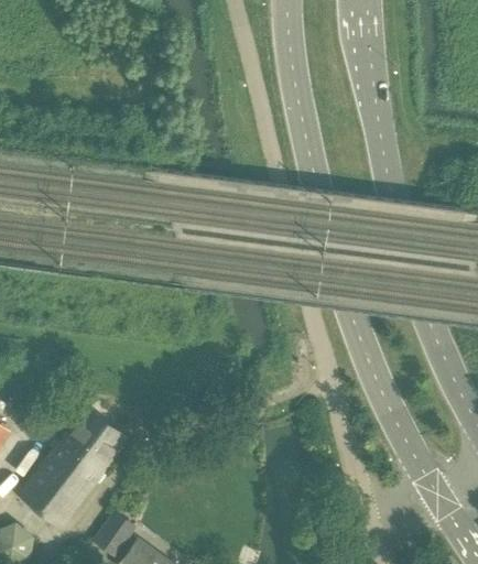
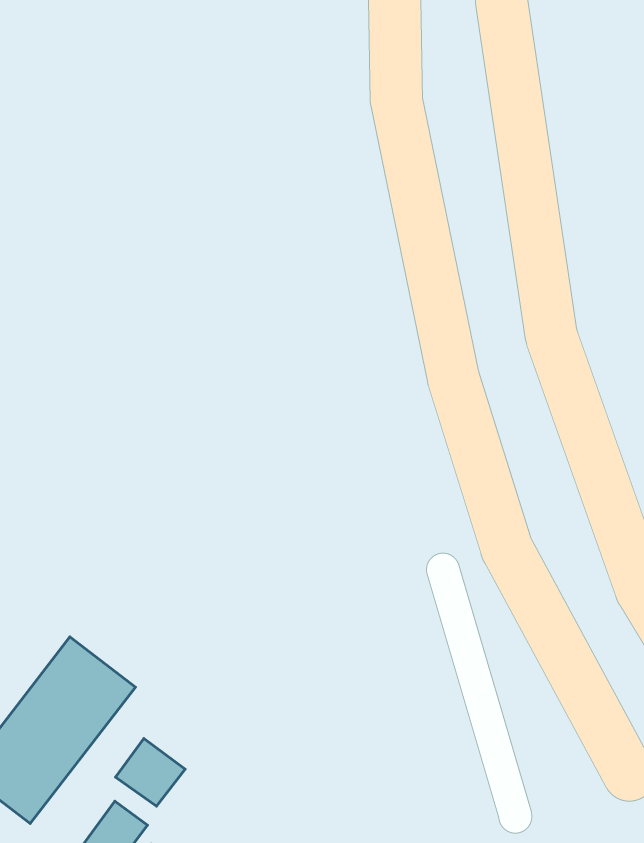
building: none -> [115,738,185,806]

